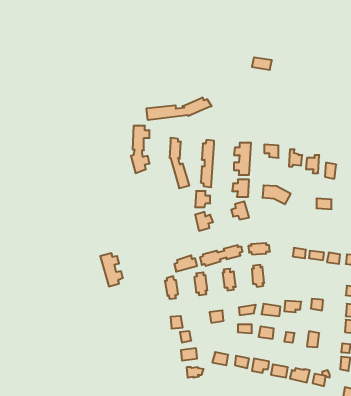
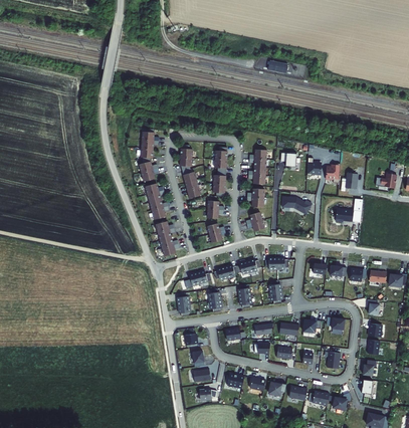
building: [147,97,212,120] -> none
building: none -> [146,185,170,221]
building: [100,253,123,286] -> [156,223,180,258]

